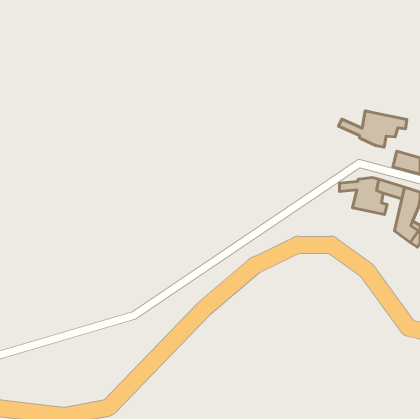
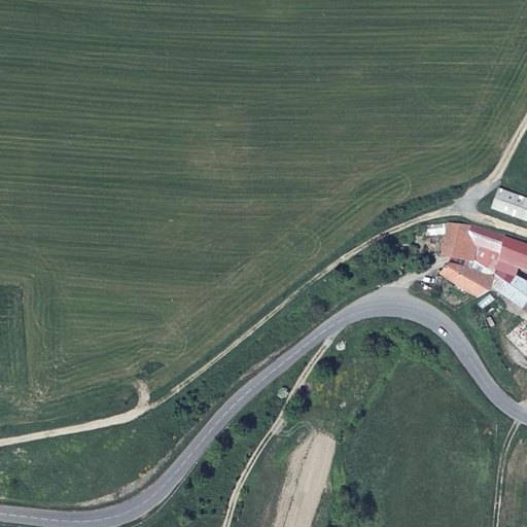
building: [338,111,407,147] -> none
building: none -> [446,268,496,297]

